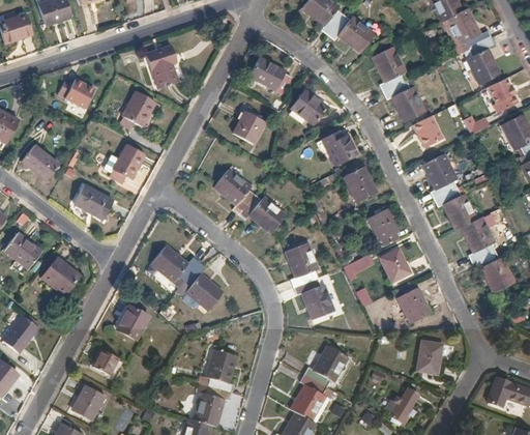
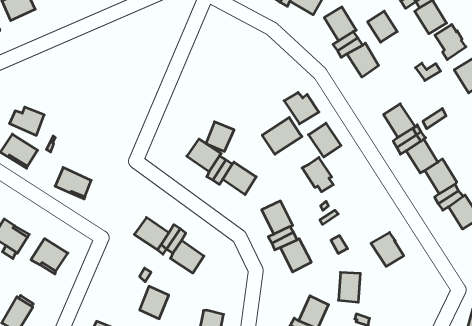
building: [147,46,177,88] -> none
building: [249,56,292,94] -> none
building: [57,78,94,109] -> [9,107,44,135]
building: [291,89,326,123] -> none
building: [121,90,155,126] -> none
building: [233,111,264,143] -> [206,122,234,151]
building: [413,114,443,146] -> [368,11,397,42]
building: [105,144,143,182] -> none
building: none -> [262,117,302,154]
building: [369,208,400,244] -> [302,157,333,192]
building: [380,247,411,281] -> none
building: [116,304,148,340] -> [140,286,169,319]
building: [417,340,443,373] -> [338,272,360,302]

